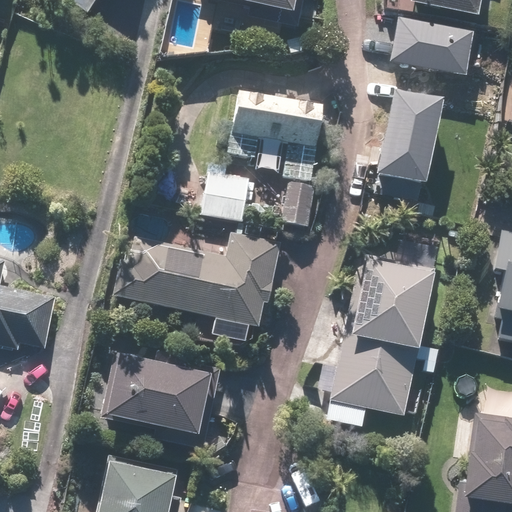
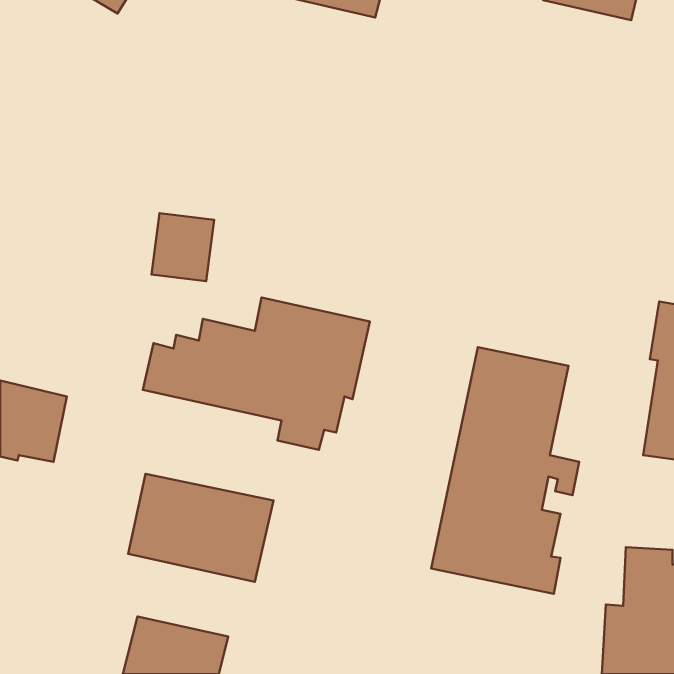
building: [390,15,475,80] -> none
building: [233,94,321,223] -> none
building: [371,101,438,203] -> none
building: [204,169,251,220] -> [152,213,214,281]

